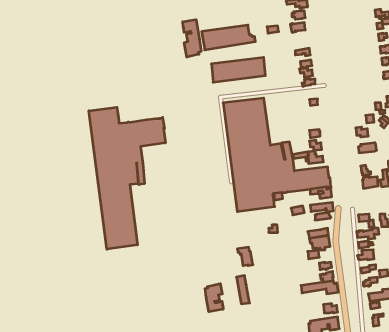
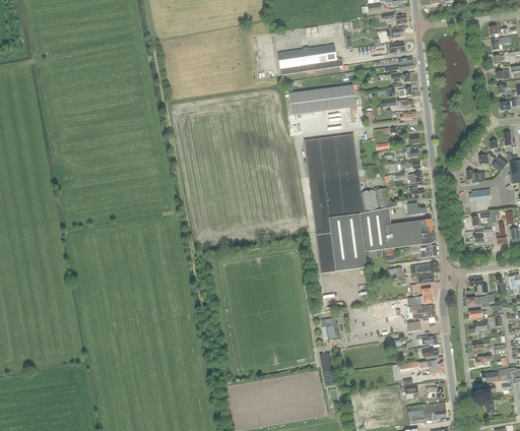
building: [183,20,201,57] -> none
building: [89,107,165,249] -> none
building: [205,284,223,312] -> none

